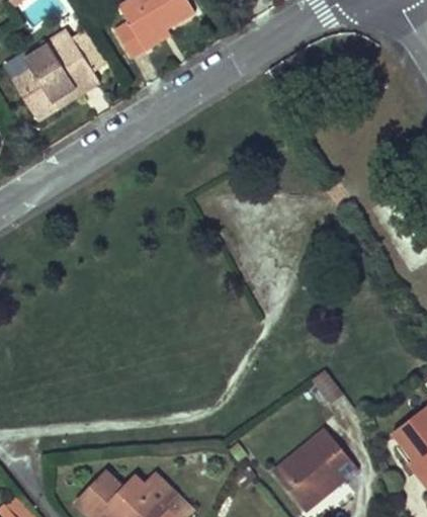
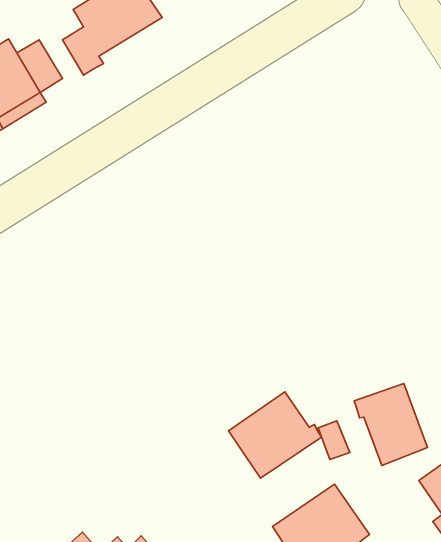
building: none -> [354,383,427,465]
building: none -> [228,392,322,478]

